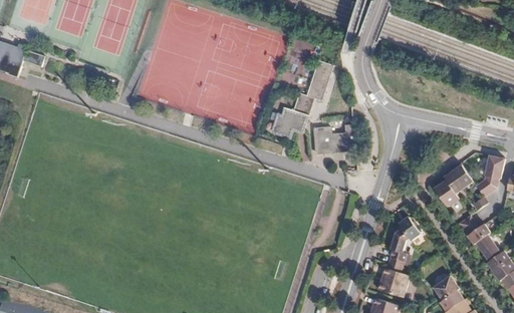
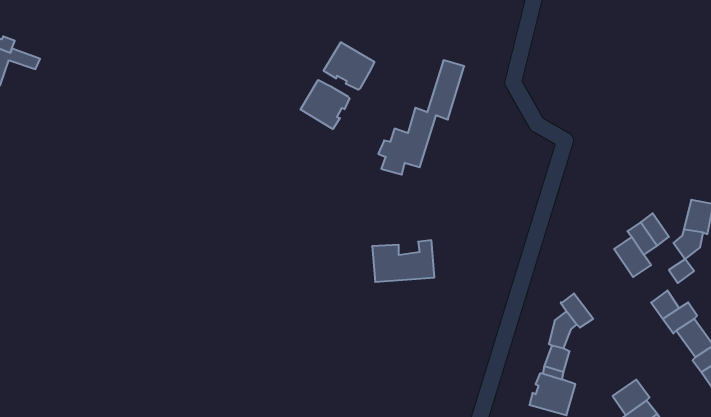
building: none -> [324,42,374,90]
building: none -> [301,80,350,129]
building: [313,123,355,151] -> [372,240,434,282]

